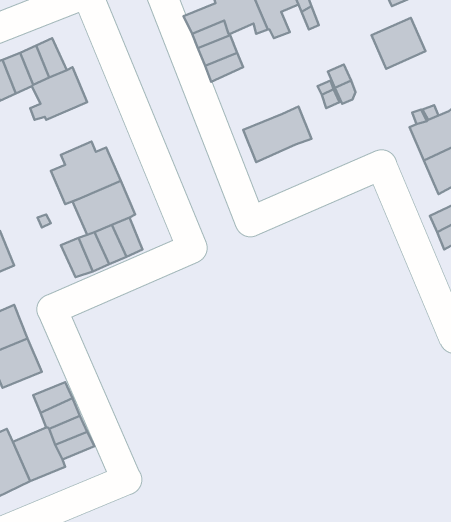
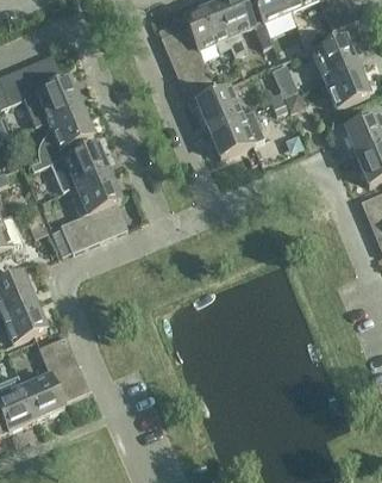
building: none -> [326,64,370,106]
building: none -> [187,87,242,129]
building: none -> [31,106,95,169]

